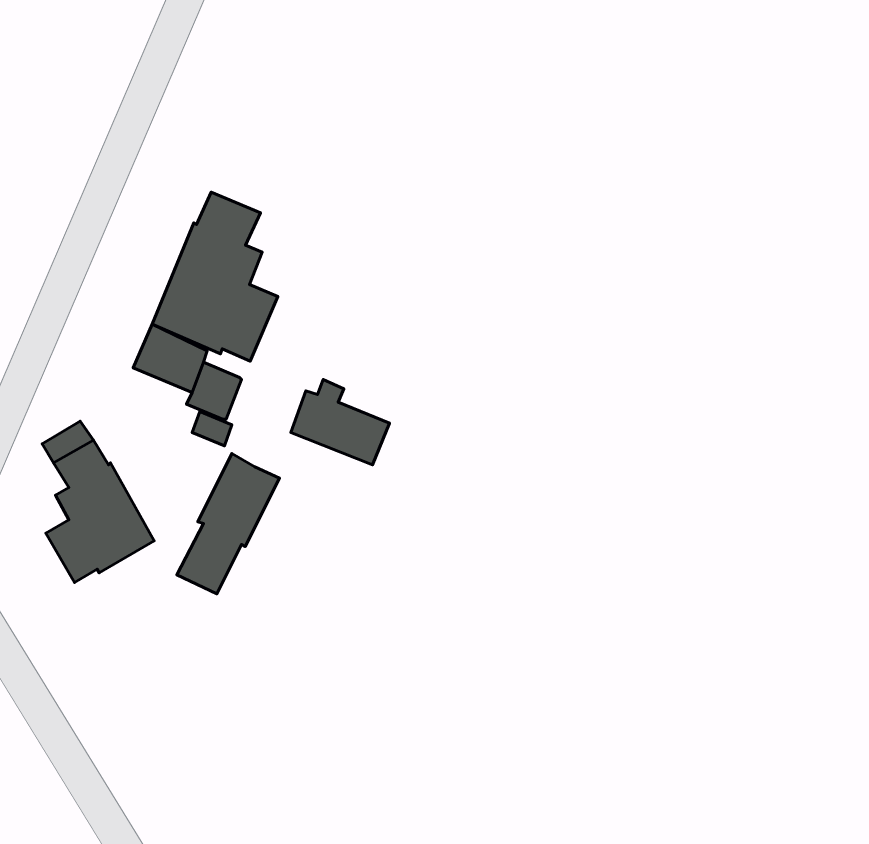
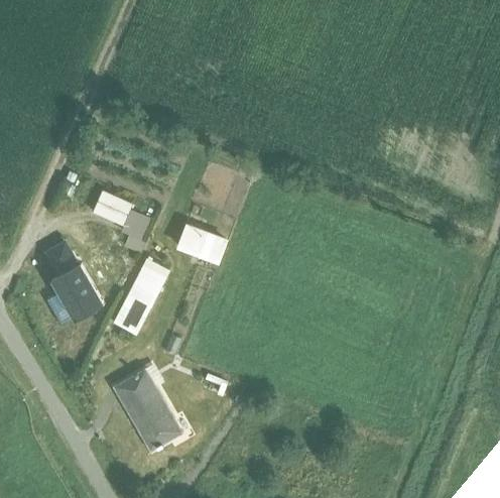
building: [152,192,278,361] -> none
building: none -> [113,364,182,452]

